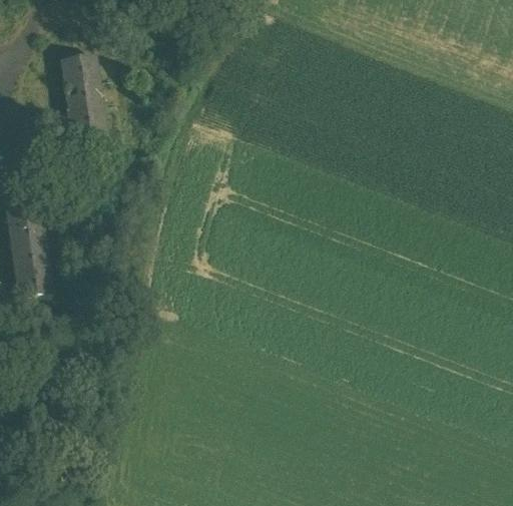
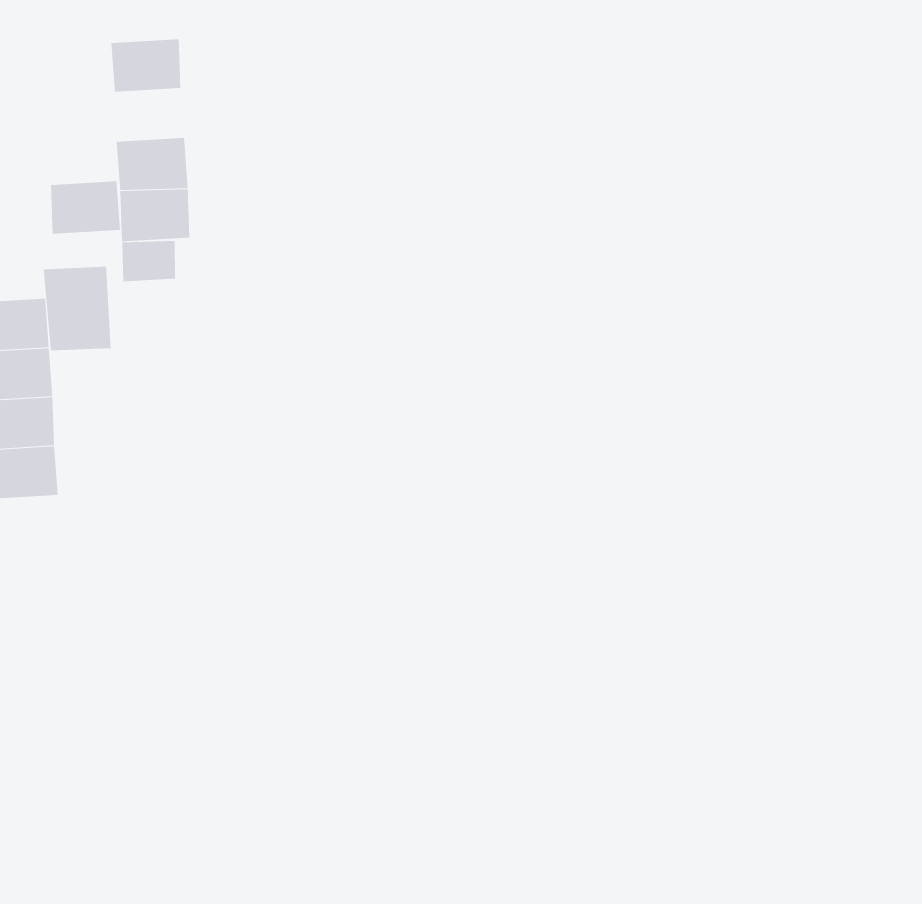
building: [64,77,102,107] -> [50,181,121,234]
building: none -> [122,240,176,282]
building: none -> [43,266,111,351]

